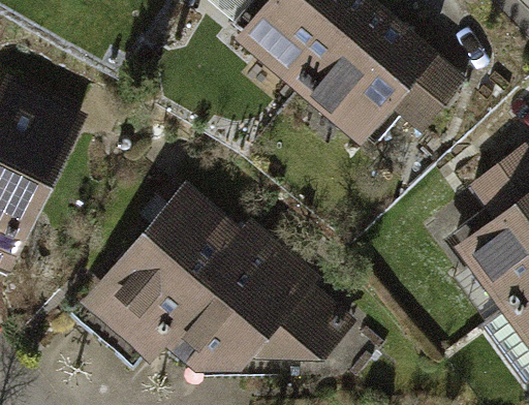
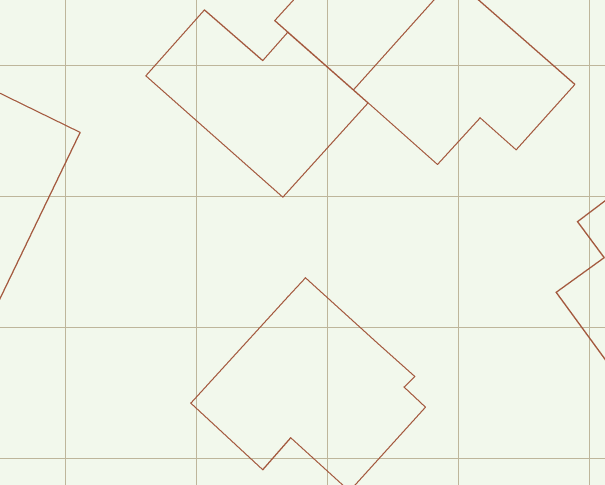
building: none -> [146,10,368,197]
building: [82,189,244,356] -> none

